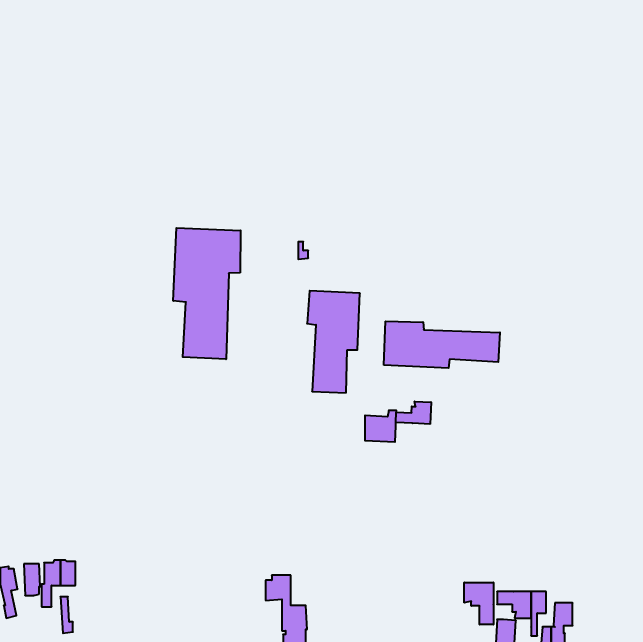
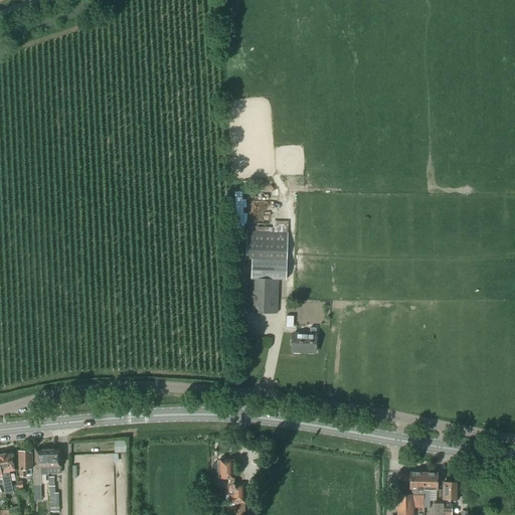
building: [173,228,241,359] -> none
building: [384,321,500,368] -> none
building: [396,401,431,424] -> none
building: [464,582,493,625] -> none

